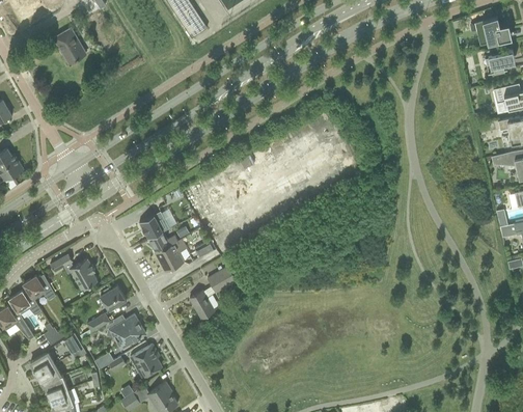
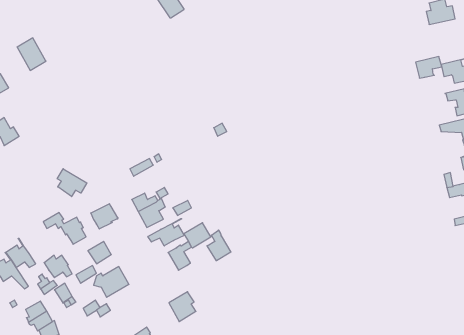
building: [54,28,86,64] -> [17,38,46,70]
building: [484,50,513,74] -> [416,57,442,78]
building: none -> [57,169,87,197]
building: [139,212,169,240] -> [91,204,118,229]
building: none -> [148,219,184,246]
building: none -> [207,230,231,261]
building: [23,275,54,300] -> [44,255,72,278]
building: [131,345,161,378] -> [169,292,196,322]

